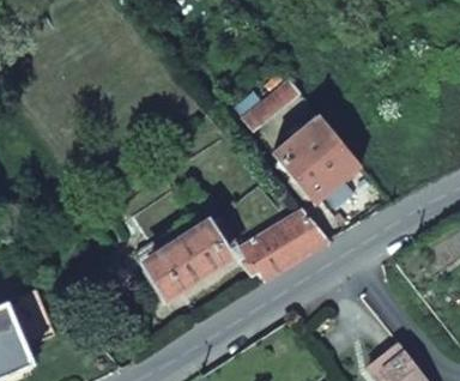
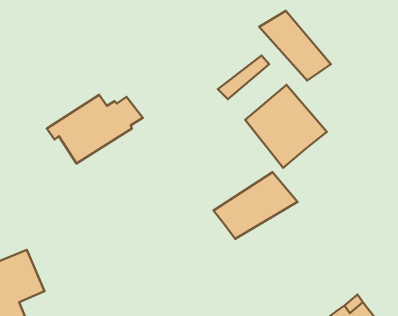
building: none -> [259,11,331,81]
building: [132,219,237,295] -> [47,95,143,164]

